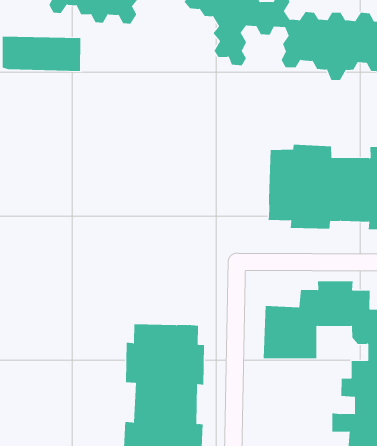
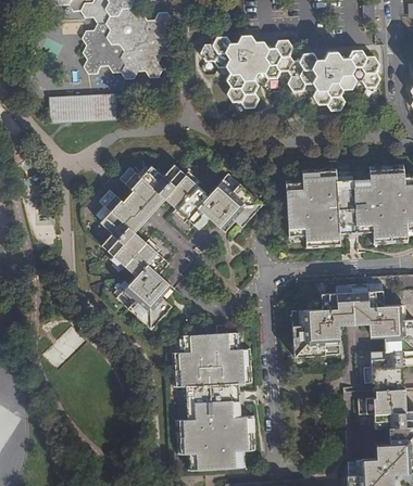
building: none -> [99,164,262,329]

